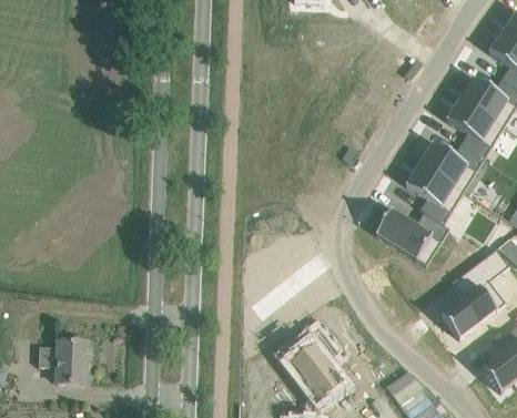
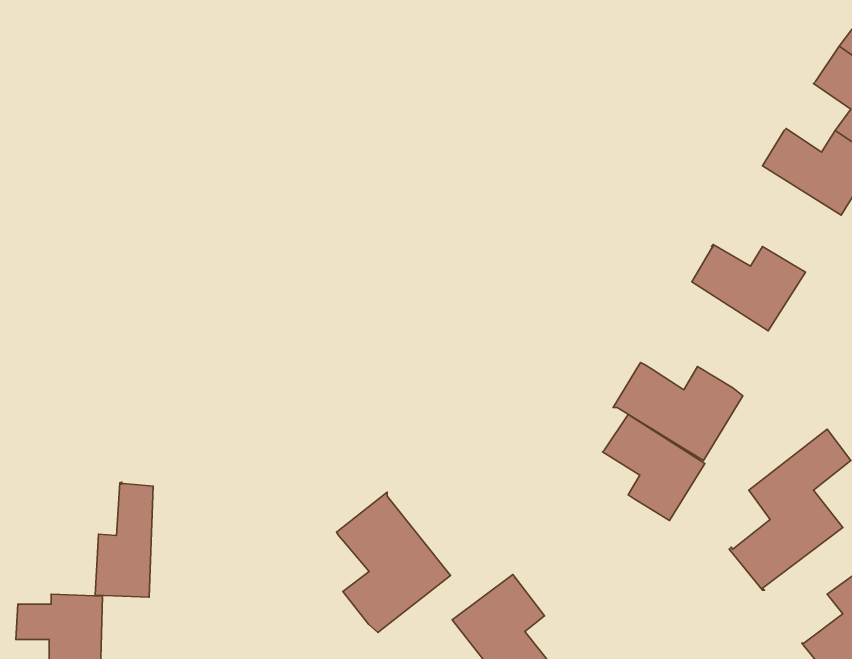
building: [447,98,505,157] -> none
building: [406,163,464,223] -> [603,414,705,520]
building: none -> [95,482,153,597]
building: none -> [336,492,450,633]

